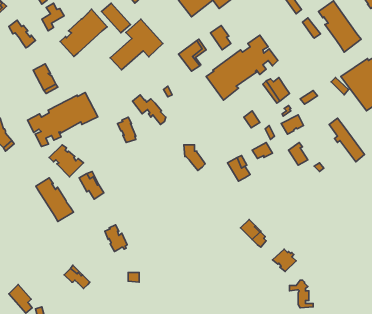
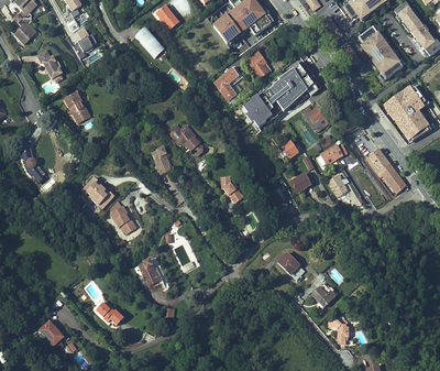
building: [60,9,107,56] -> none
building: [110,19,163,70] -> none
building: [27,92,98,146] -> none
building: [36,178,74,221] -> none

